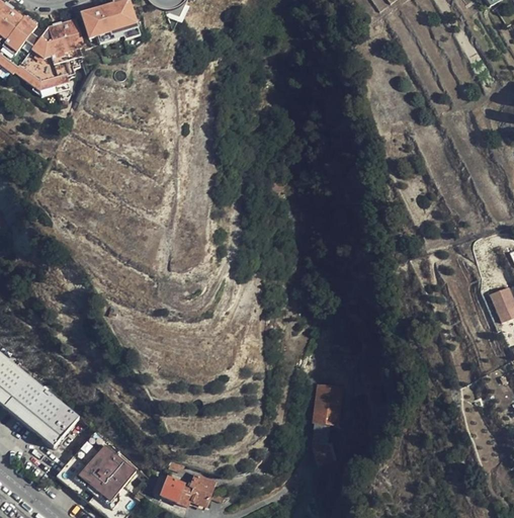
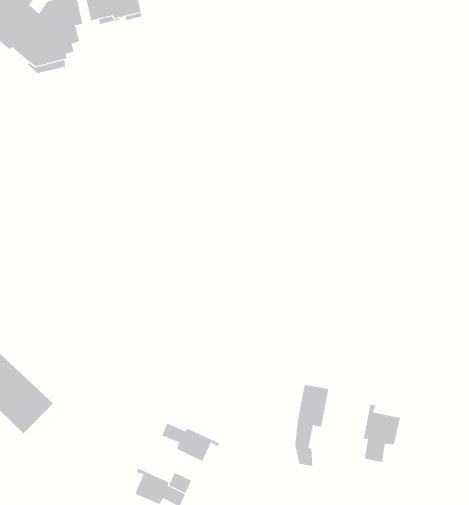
building: none -> [363,404,400,463]
building: none -> [161,423,220,462]
building: [76,441,137,501] -> none

